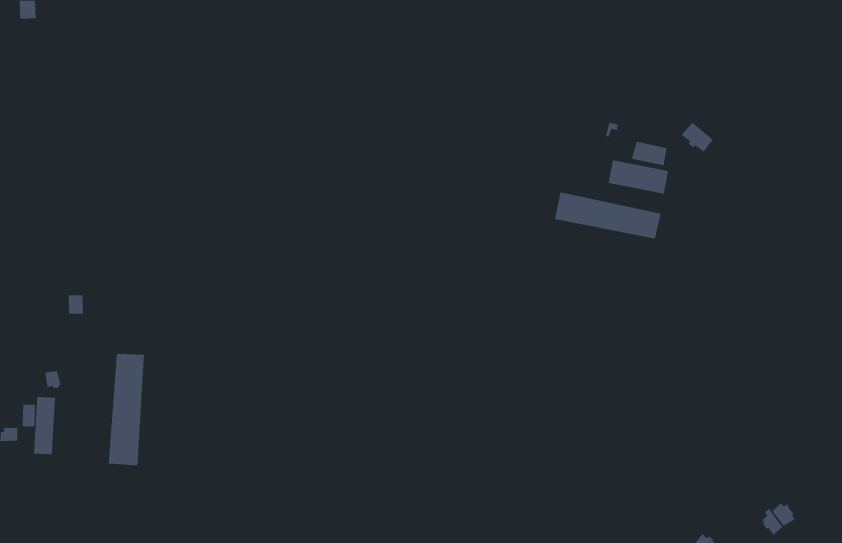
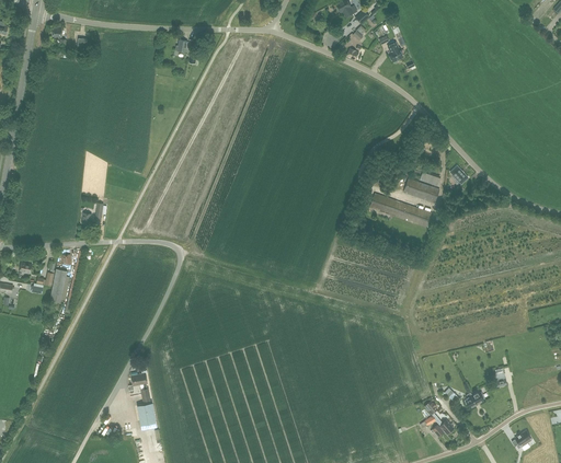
building: [108,353,144,466] -> none

